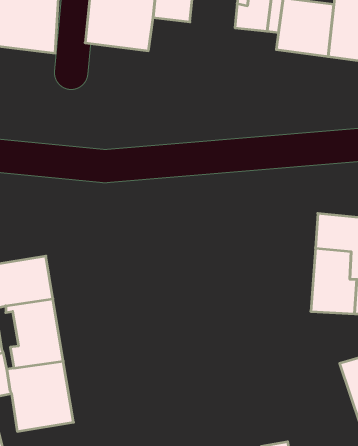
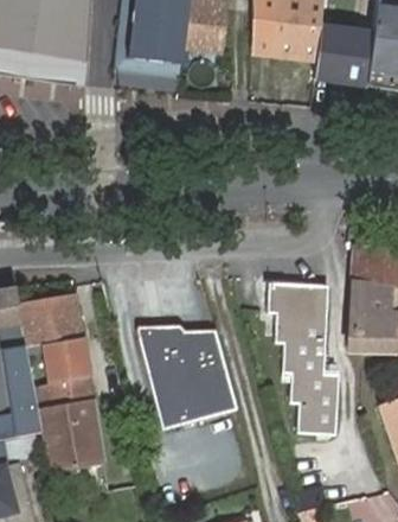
building: none -> [264,278,340,427]
building: none -> [134,320,236,427]

